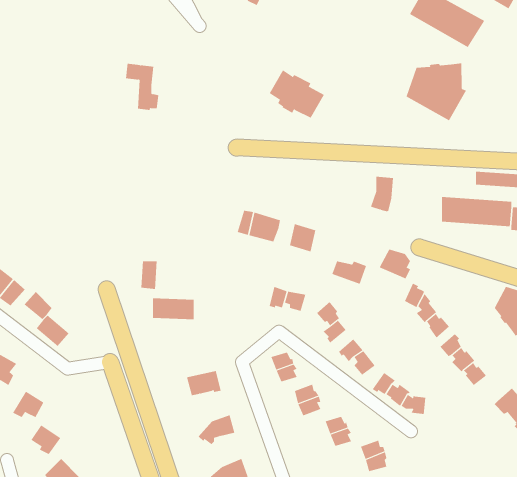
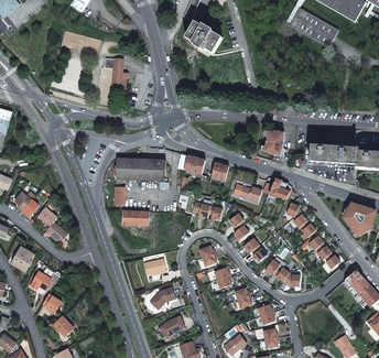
building: [406,63,467,121] -> none
building: [269,70,325,119] -> [185,21,221,53]
building: none -> [115,159,169,181]

